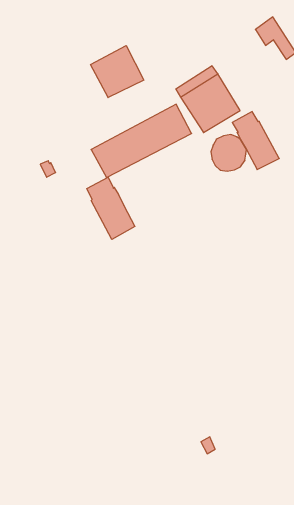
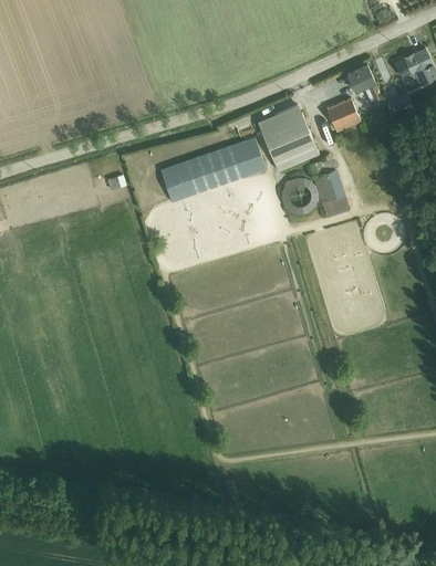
building: [91,46,144,98] -> none
building: none -> [325,97,361,134]
building: [87,177,135,239] -> none

